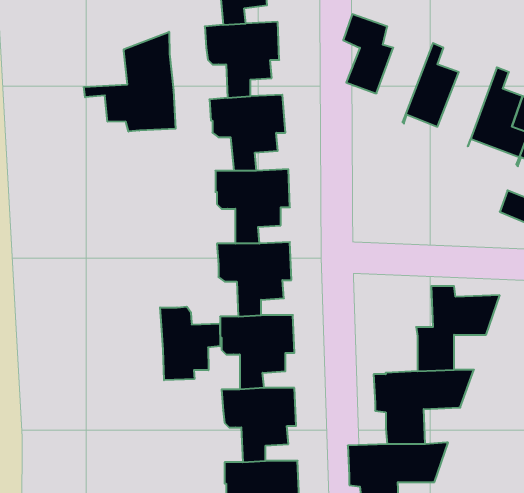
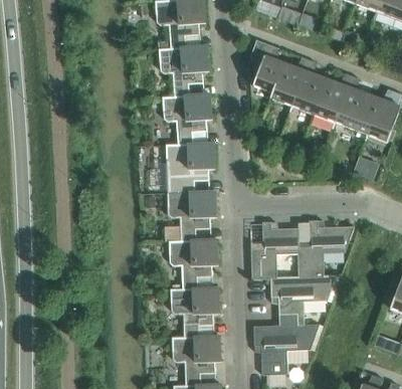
building: [84,32,176,132] -> none
building: none -> [269,56,310,112]
building: none -> [313,72,352,128]
building: none -> [251,222,299,279]
building: [160,307,220,380] -> none

